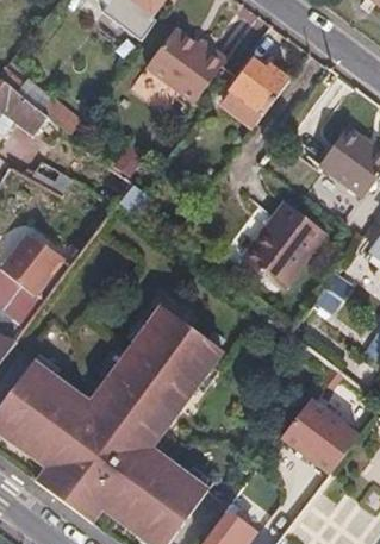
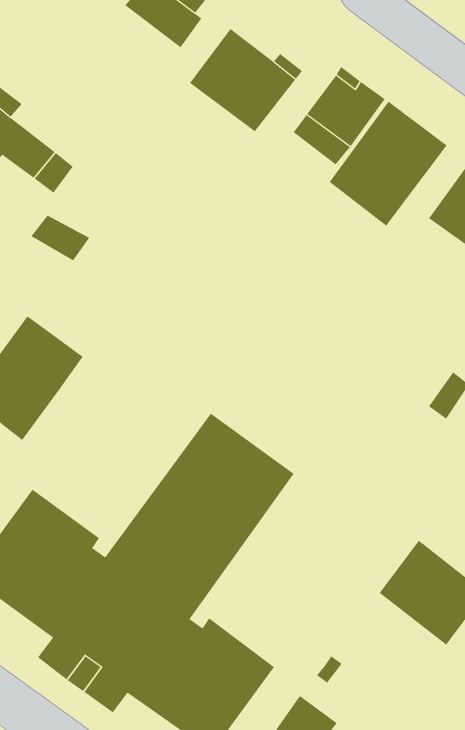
building: [241,200,326,290] -> [329,101,448,226]

